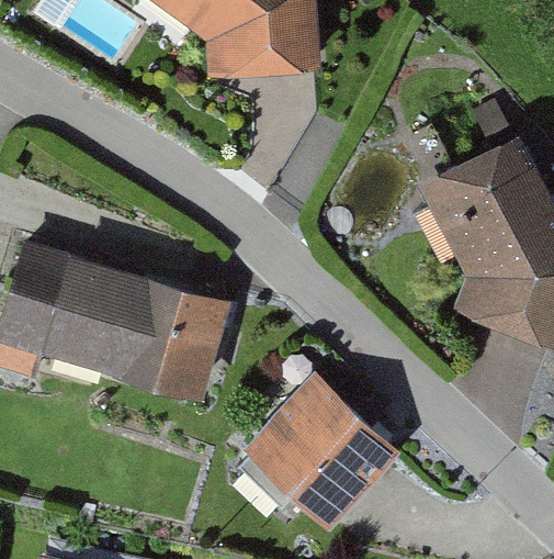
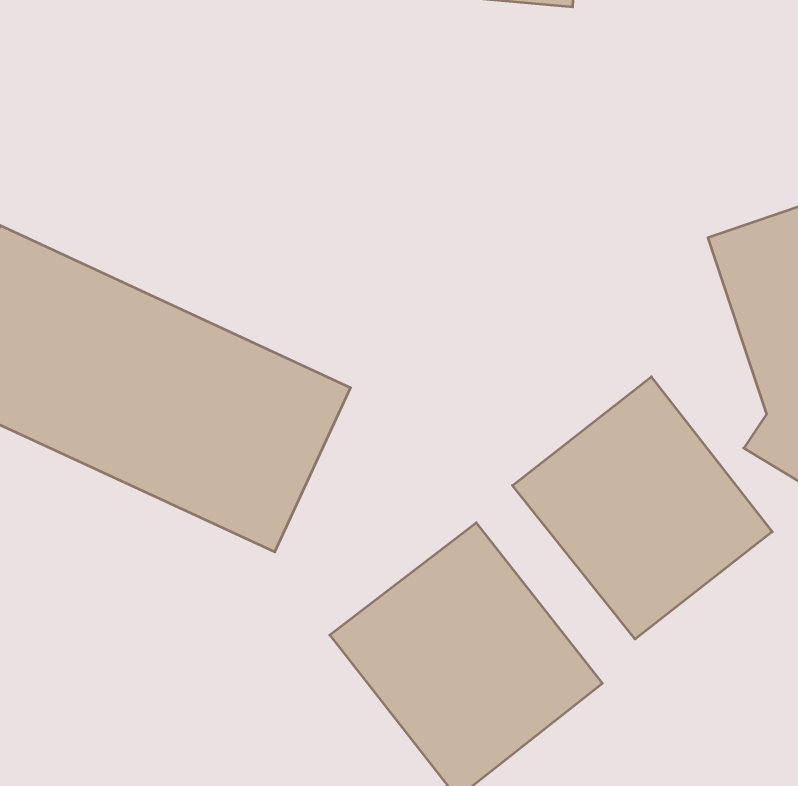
building: none -> [512,377,772,639]

